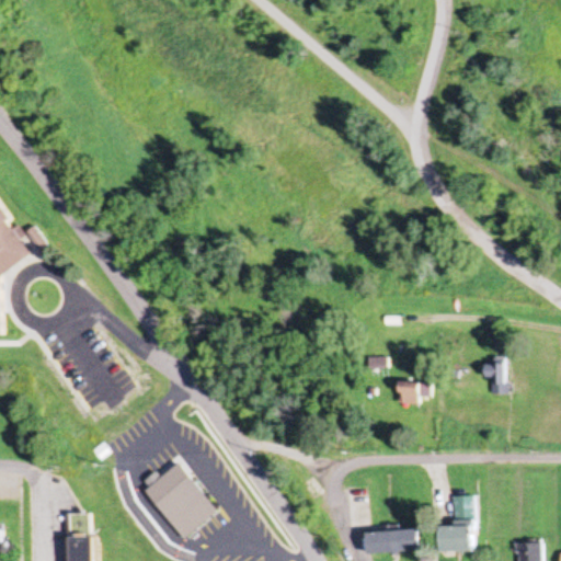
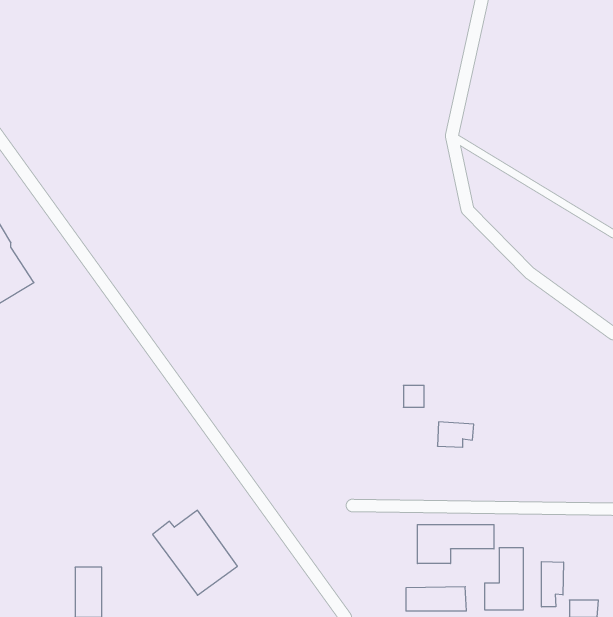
building: [484,363,503,393] -> none
building: none -> [417,525,494,564]
building: none -> [542,562,563,607]

